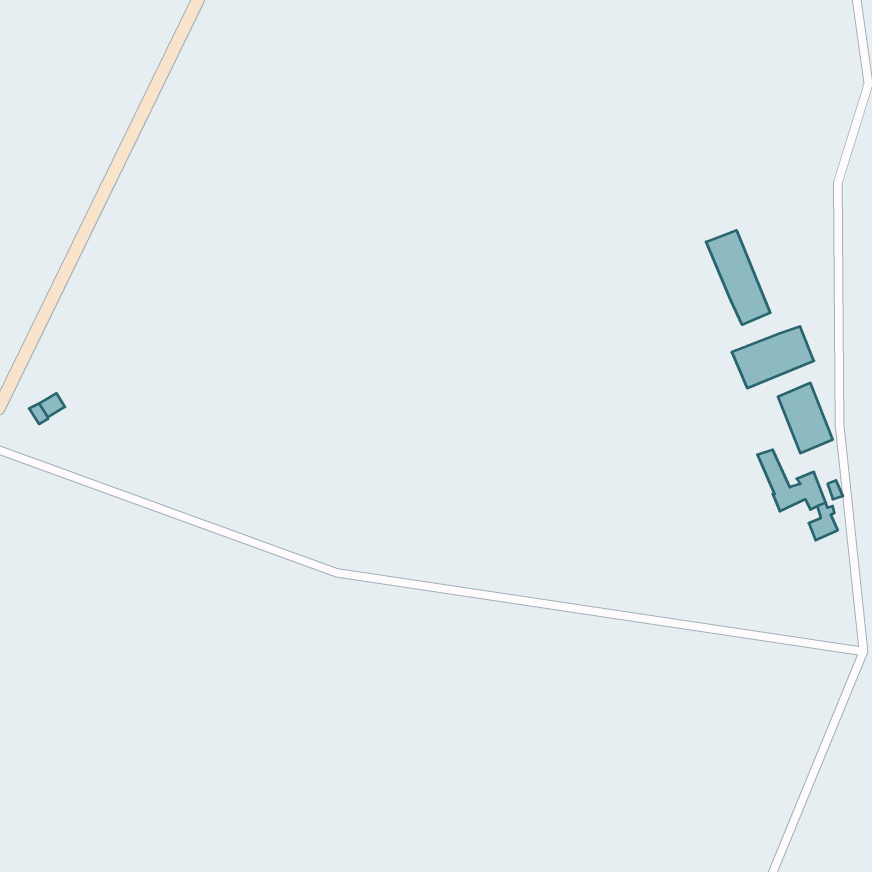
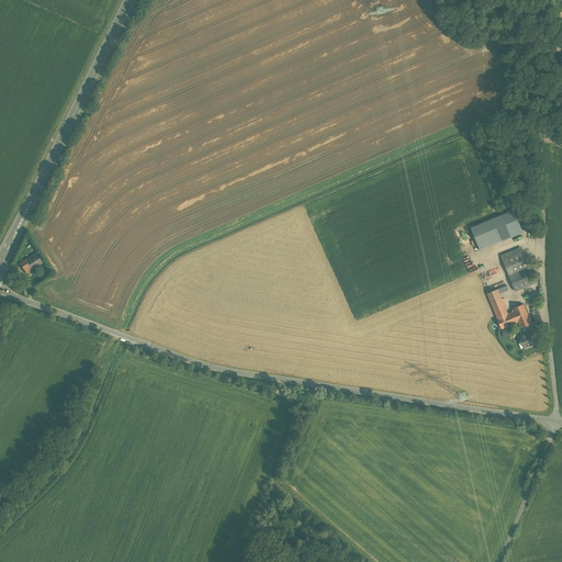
building: [706,230,770,325] -> none

